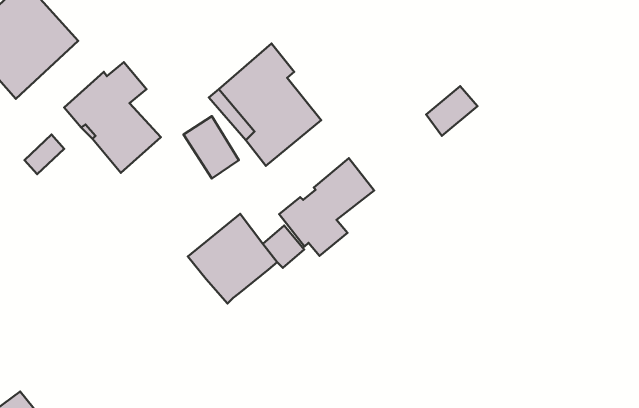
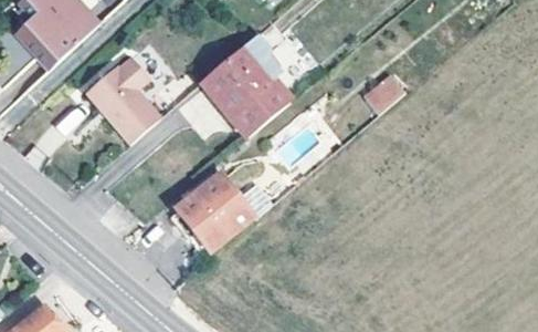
building: [279,158,374,256] -> none

